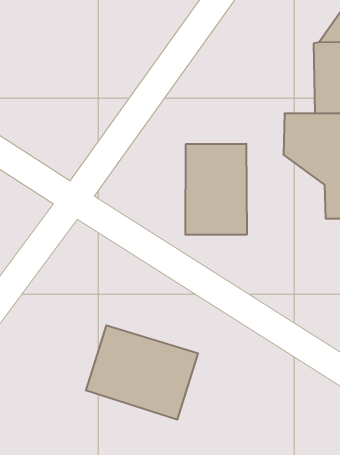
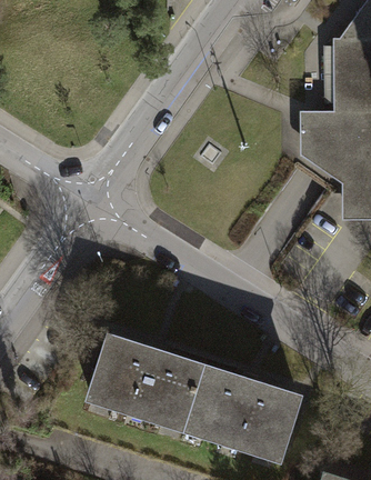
building: [185,144,247,235] -> none
building: none -> [192,364,313,462]

